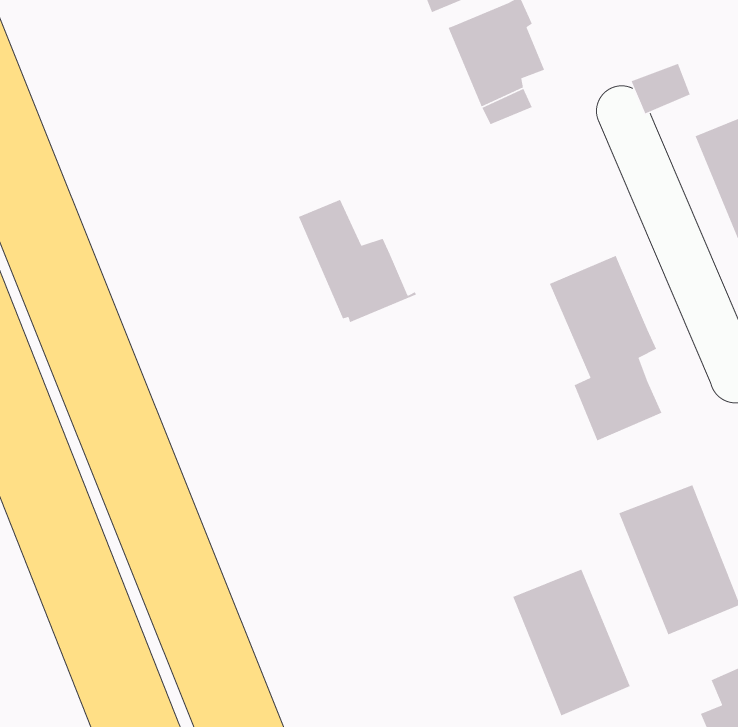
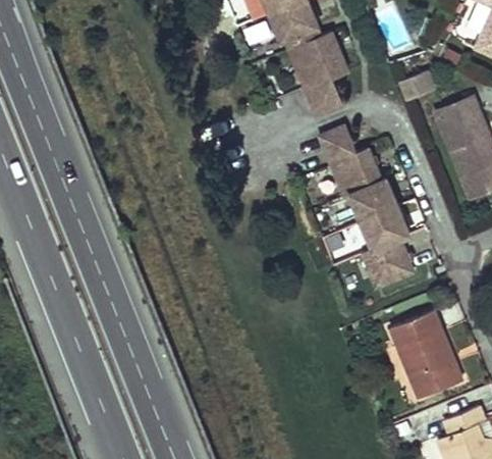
building: [298,199,417,323] -> [320,124,388,196]
building: [512,569,631,717] -> none

